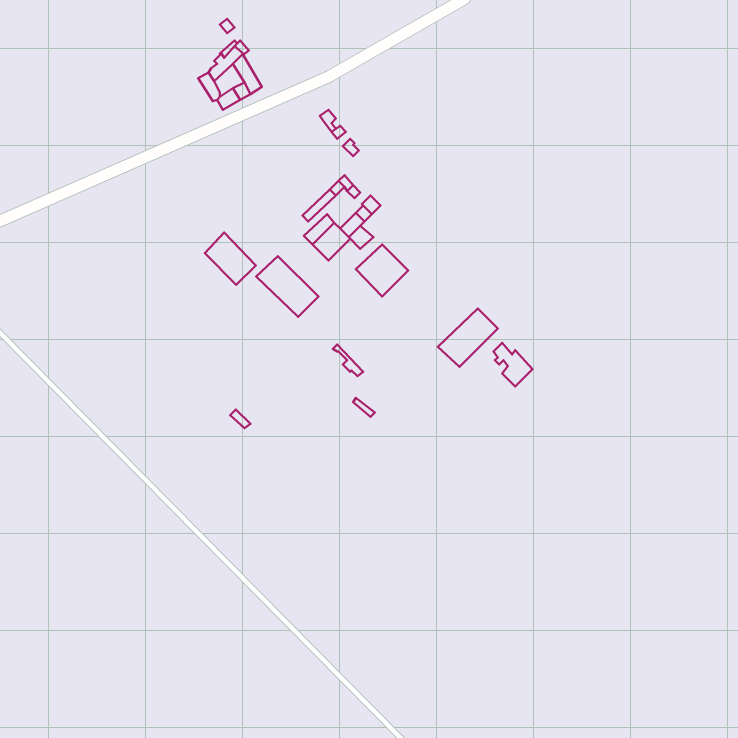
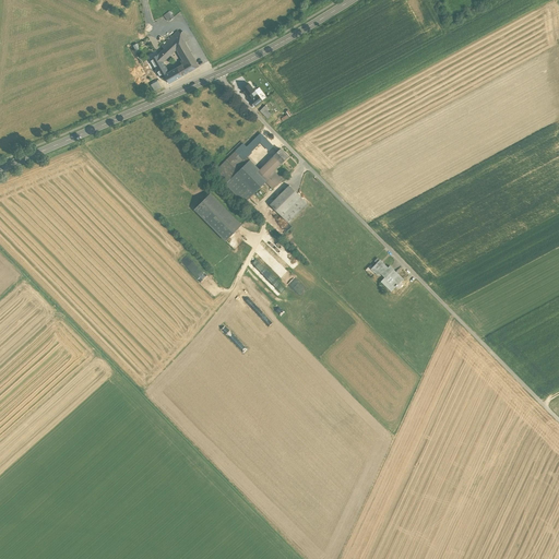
building: [205,233,256,285] -> none
building: [438,309,498,367] -> none

